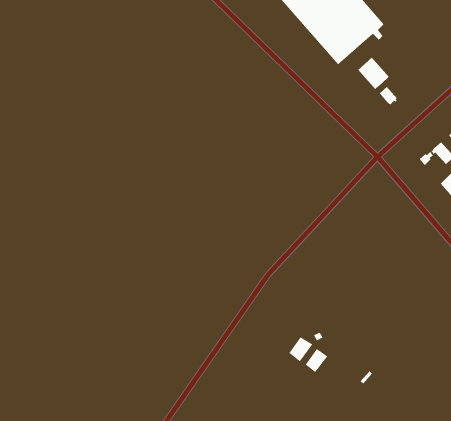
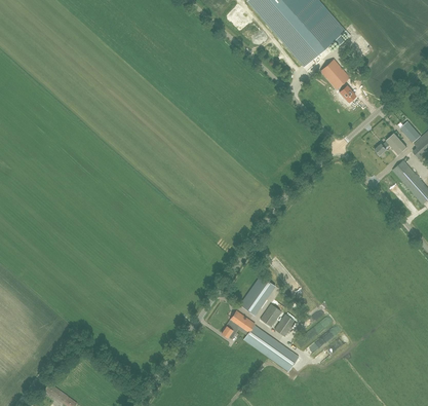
building: none -> [240,285,269,315]
building: none -> [222,310,298,371]

